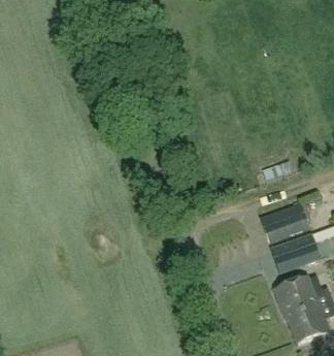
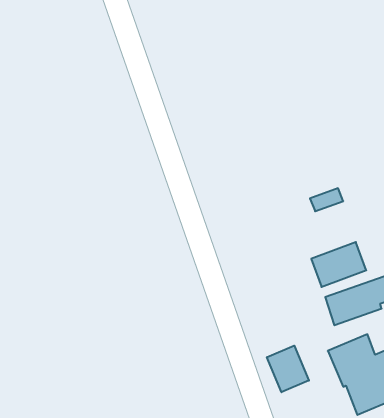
building: none -> [267,346,309,392]

